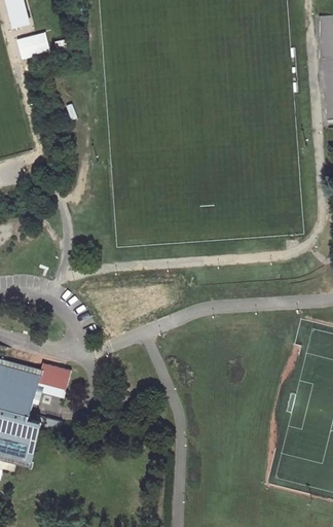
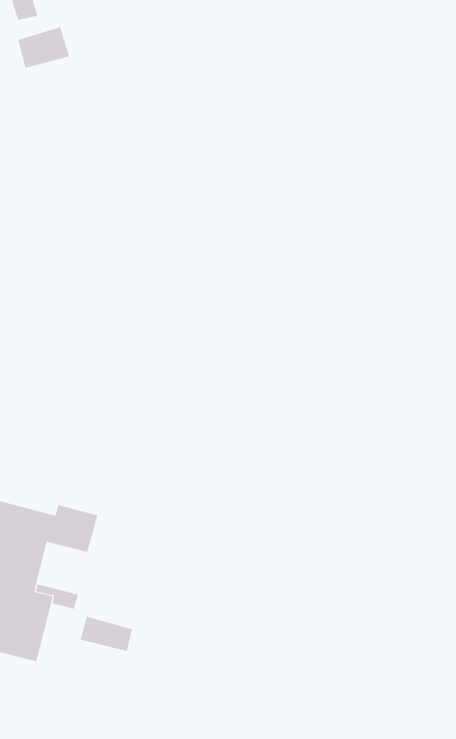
building: none -> [80,616,132,652]

